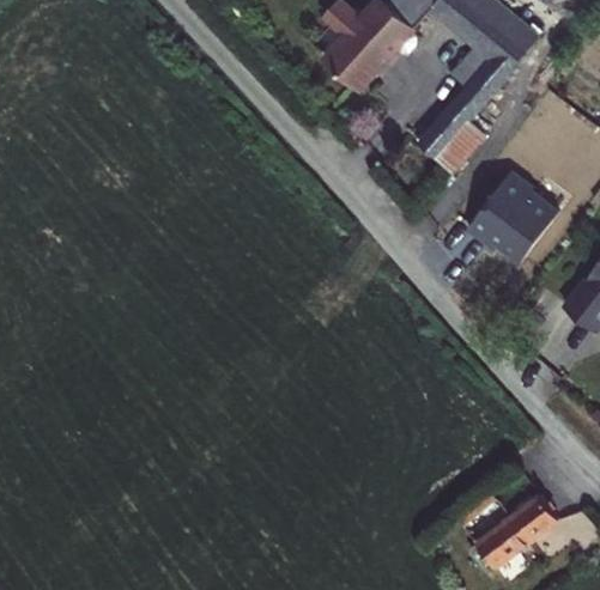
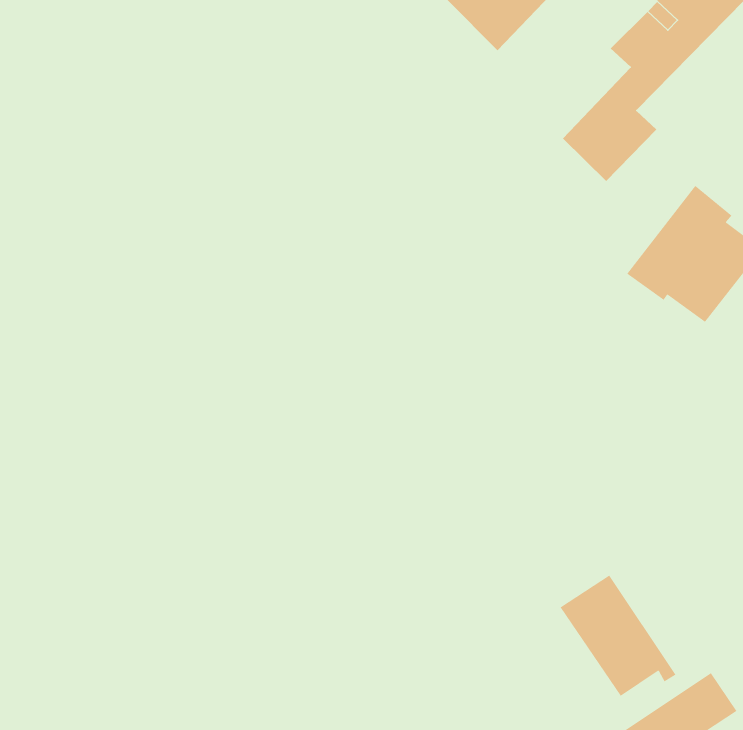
building: none -> [560,574,676,697]

